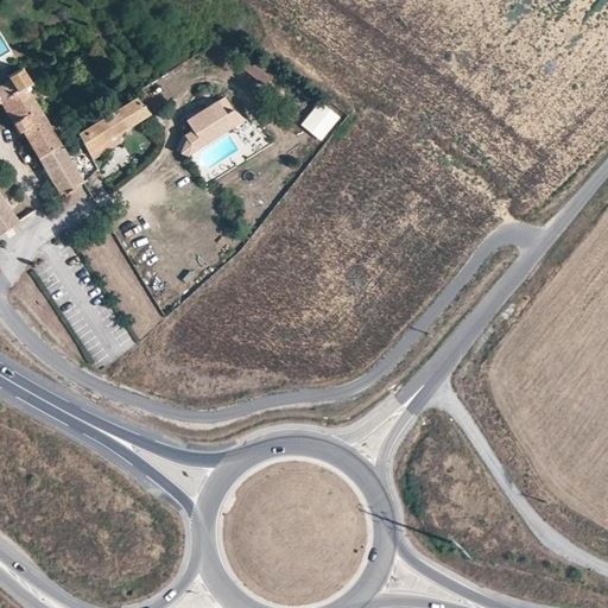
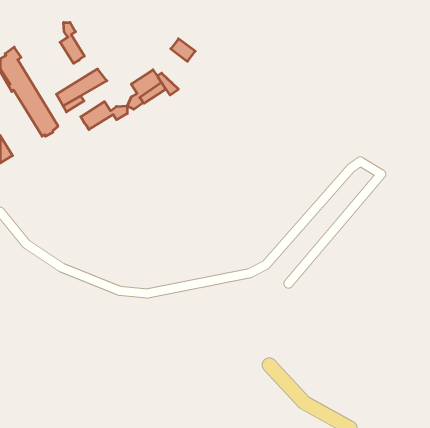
building: none -> [60,22,84,63]
building: [302,100,338,138] -> none
building: none -> [81,102,127,130]

